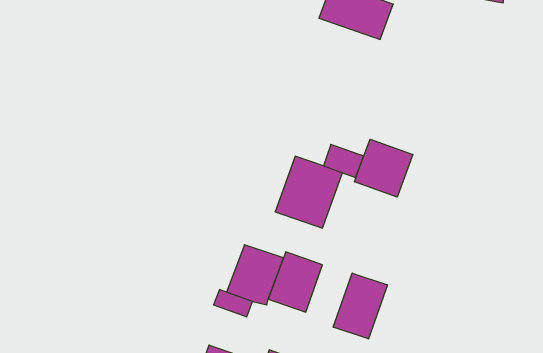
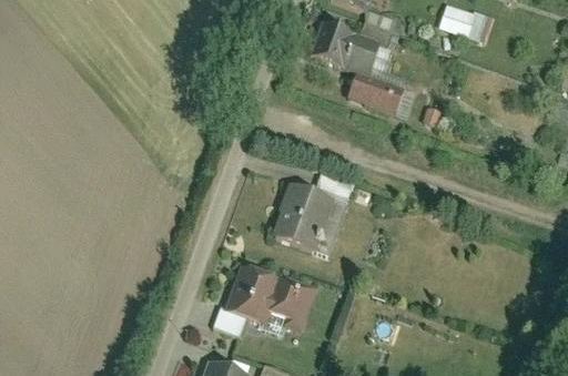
building: none -> [349,72,403,111]
building: [355,139,413,197] -> none
building: [333,273,387,339] -> none

